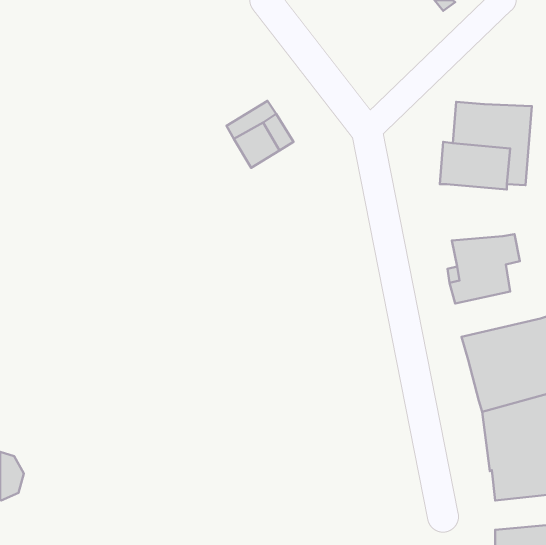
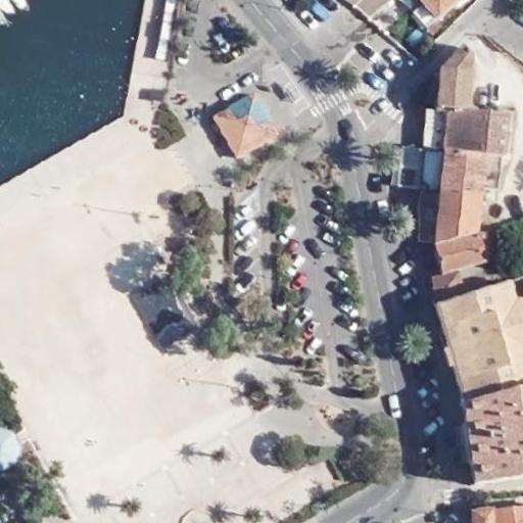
building: none -> [437,40,471,106]
building: none -> [420,182,485,235]
building: none -> [436,277,517,326]

